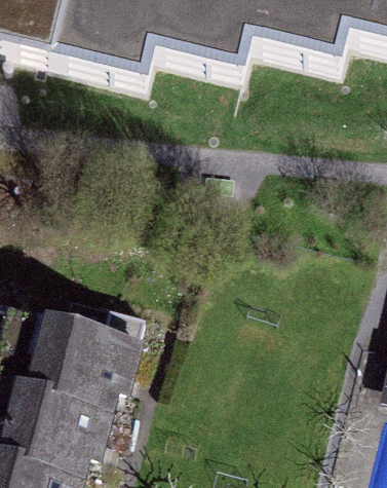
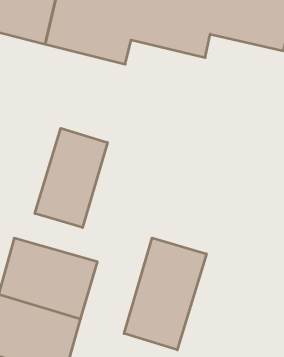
building: none -> [35,128,107,228]
building: none -> [124,238,206,350]

